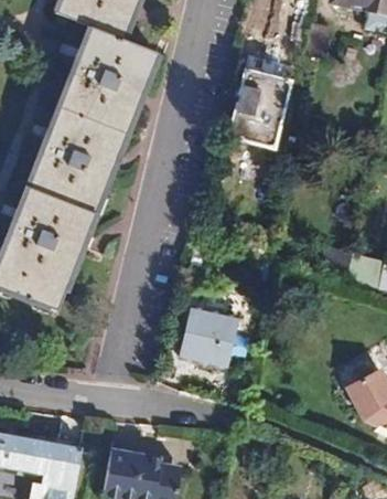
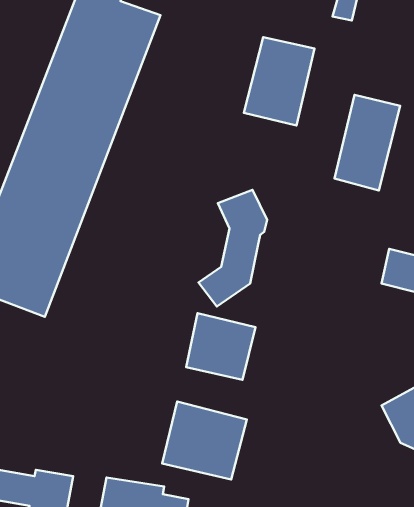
building: none -> [335,95,400,190]
building: none -> [198,190,267,307]
building: none -> [162,402,247,480]

